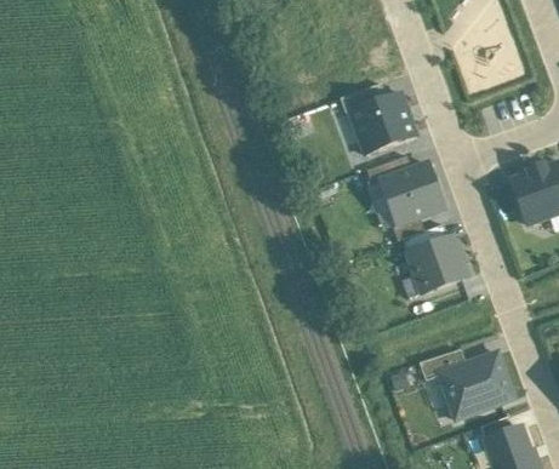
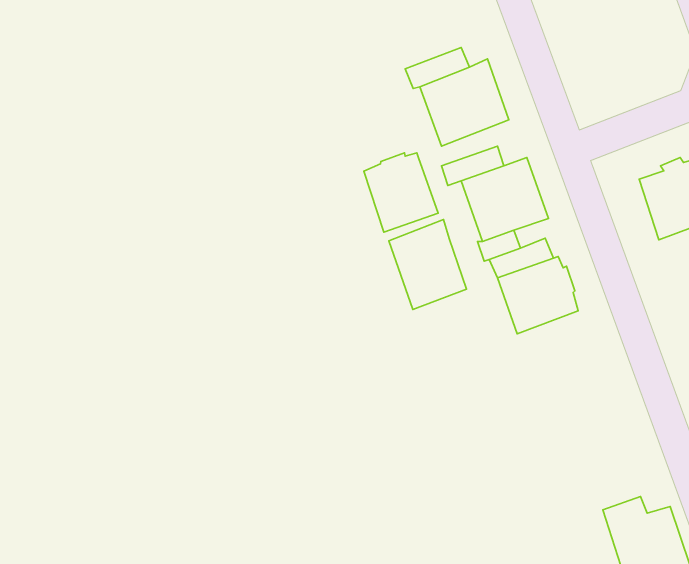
building: none -> [364,153,438,232]
building: none -> [389,219,466,310]
building: [423,347,524,418] -> none

